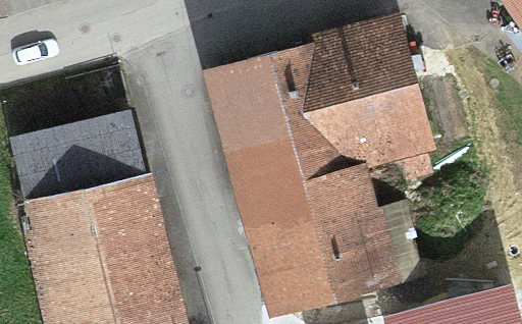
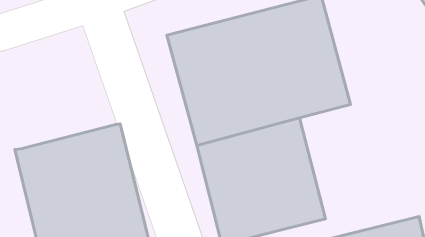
building: [13,114,143,201] -> none

